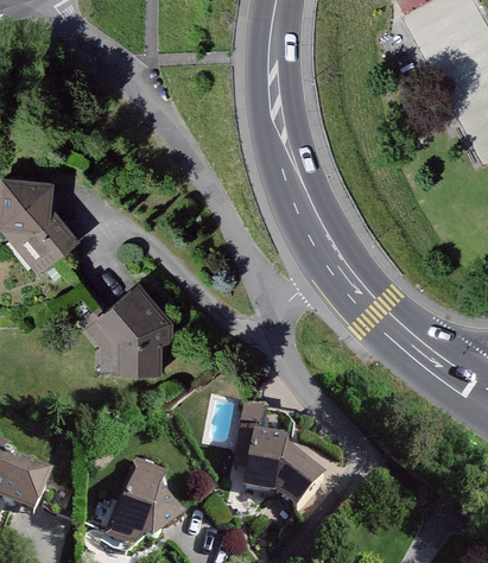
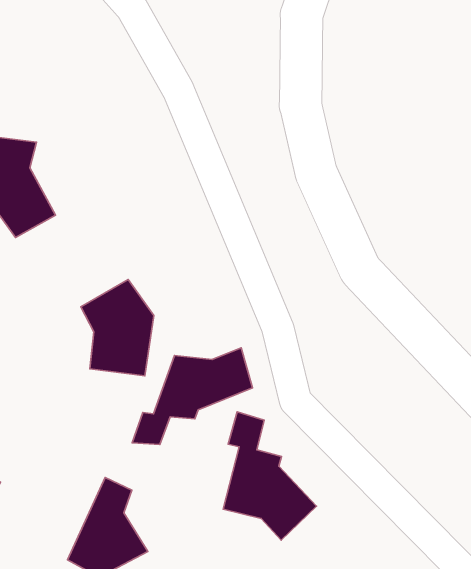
building: none -> [132,348,252,444]

